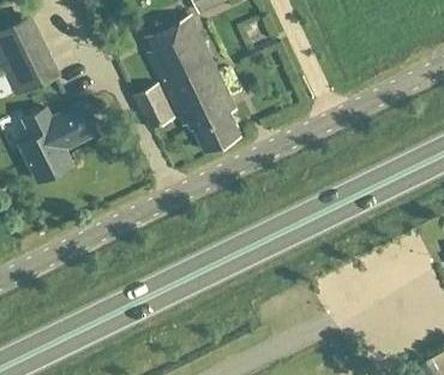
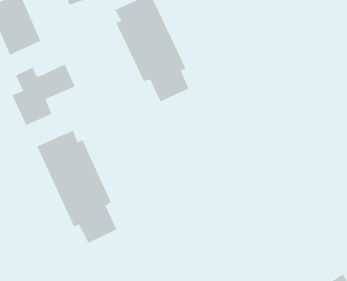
building: [133,85,173,130] -> none
building: none -> [36,129,118,244]

